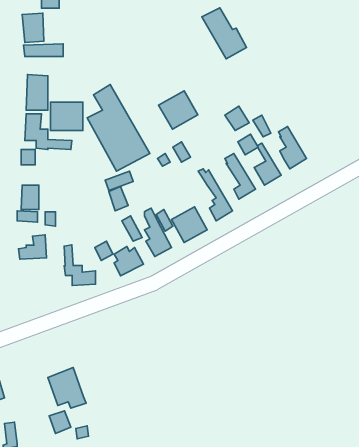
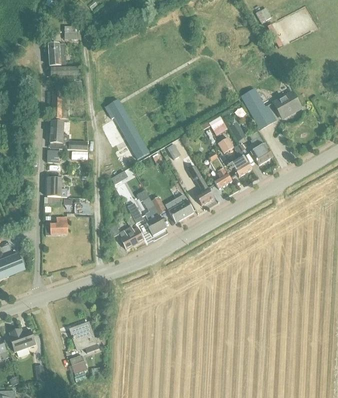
building: [202,8,246,59] -> [240,88,275,128]
building: none -> [272,91,300,116]
building: [159,91,198,129] -> none
building: [51,102,83,131] -> none
building: [64,245,96,285] -> none

